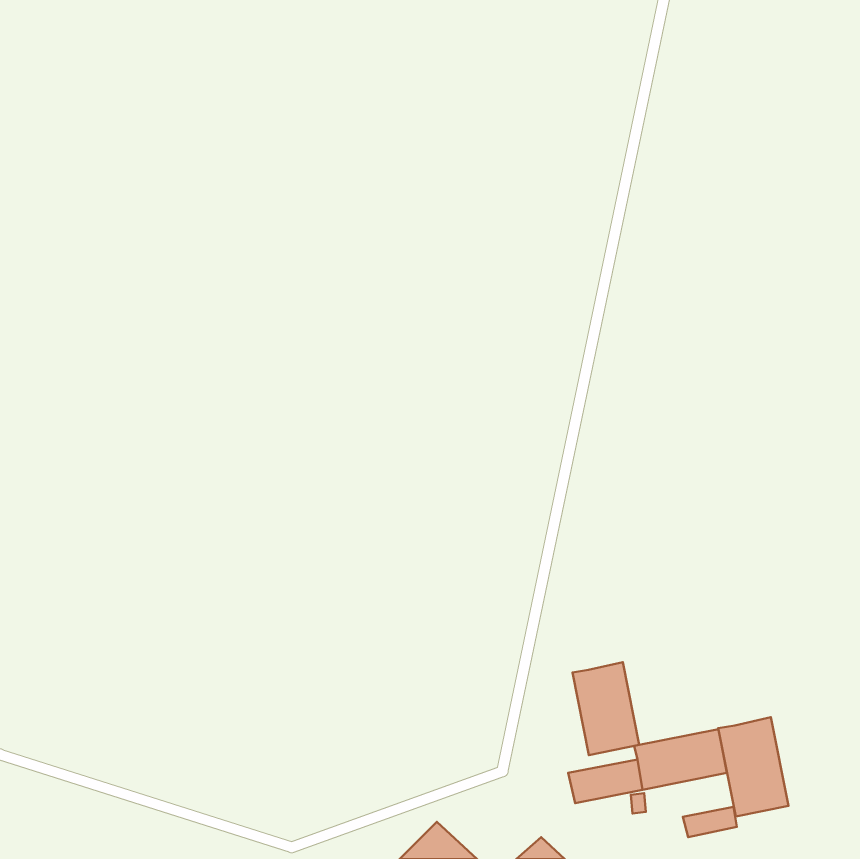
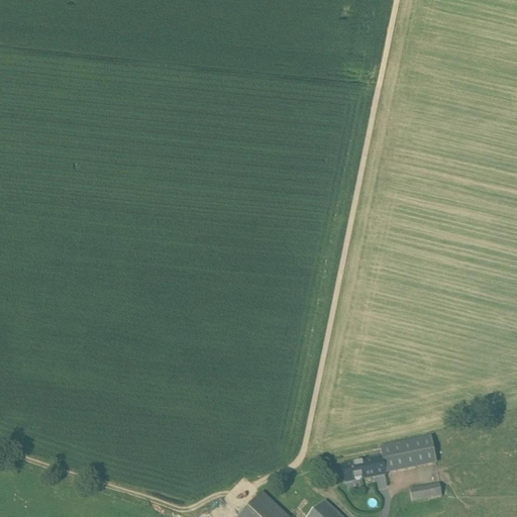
building: [573,662,639,755] -> none
building: [718,717,789,817] -> none

